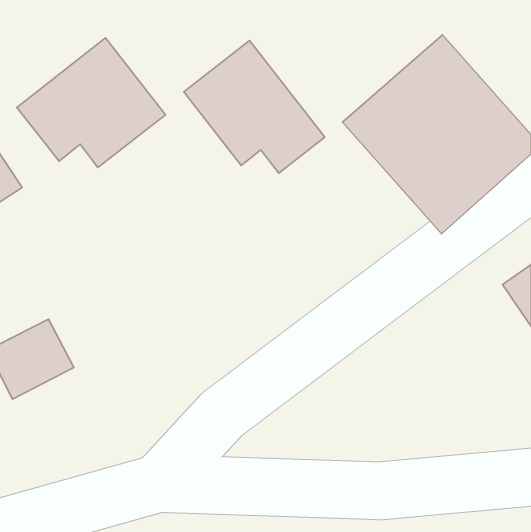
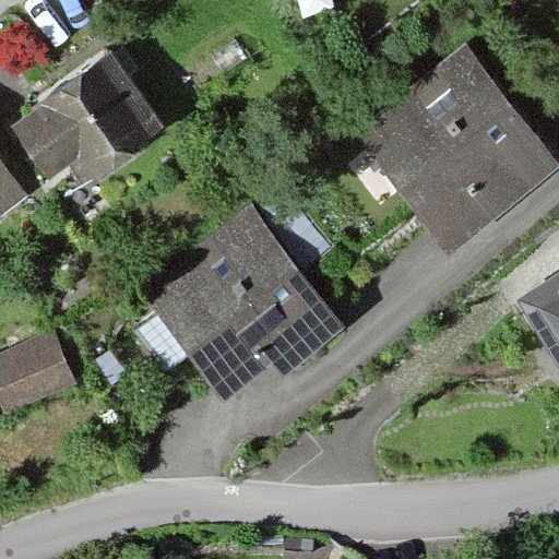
building: [184,40,325,173] -> none
building: none -> [139,210,335,406]

